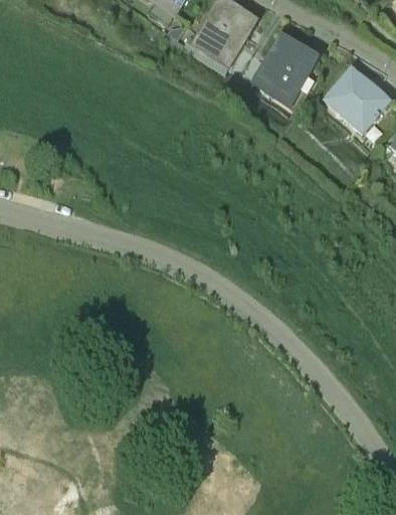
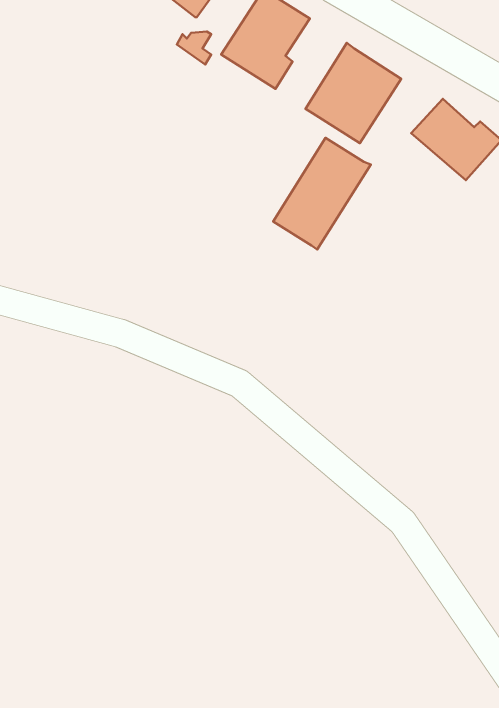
building: none -> [273,138,371,249]

